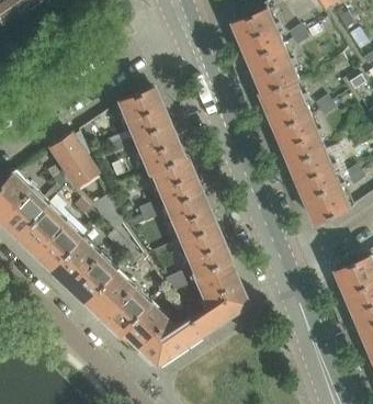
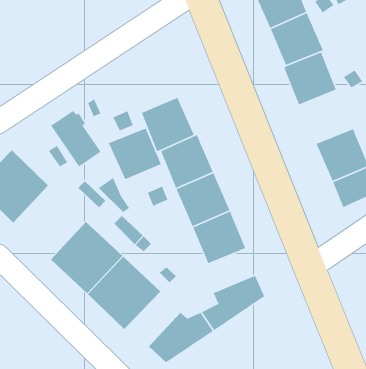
building: [114,87,163,135] -> [108,127,162,180]
building: [274,114,325,164] -> none
building: [12,202,79,270] -> none
building: [162,260,235,301] -> none
building: [114,300,166,350] -> none

